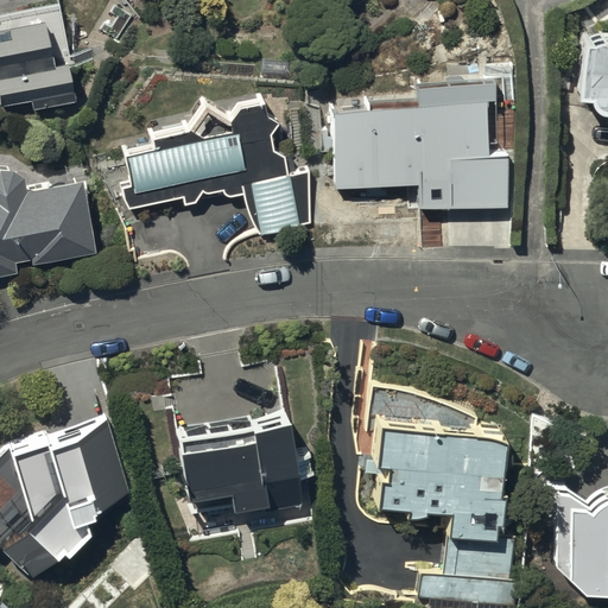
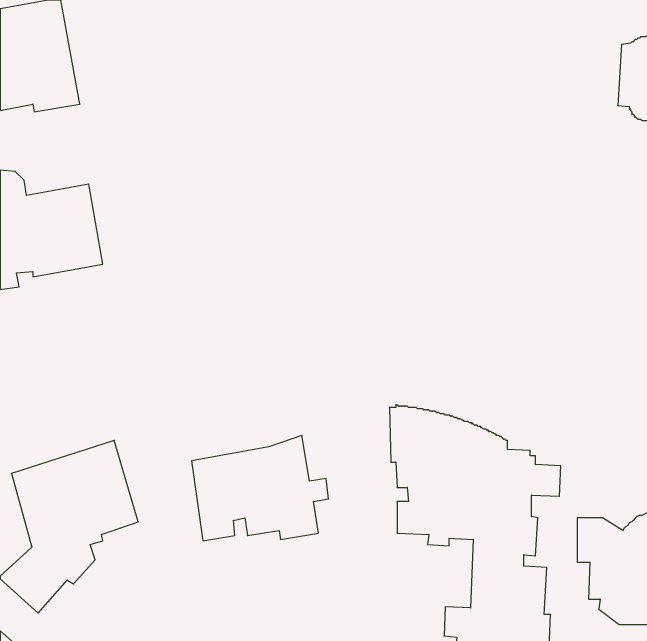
building: [122,100,311,240] -> none
building: [329,102,505,210] -> none

